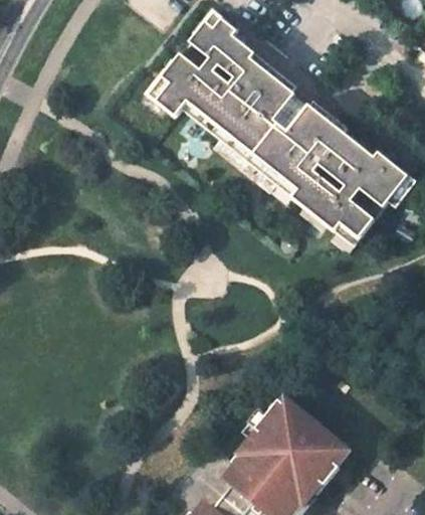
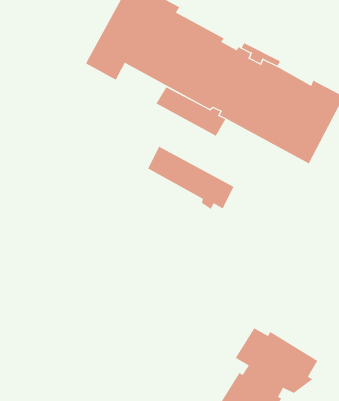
building: none -> [147,146,234,210]

